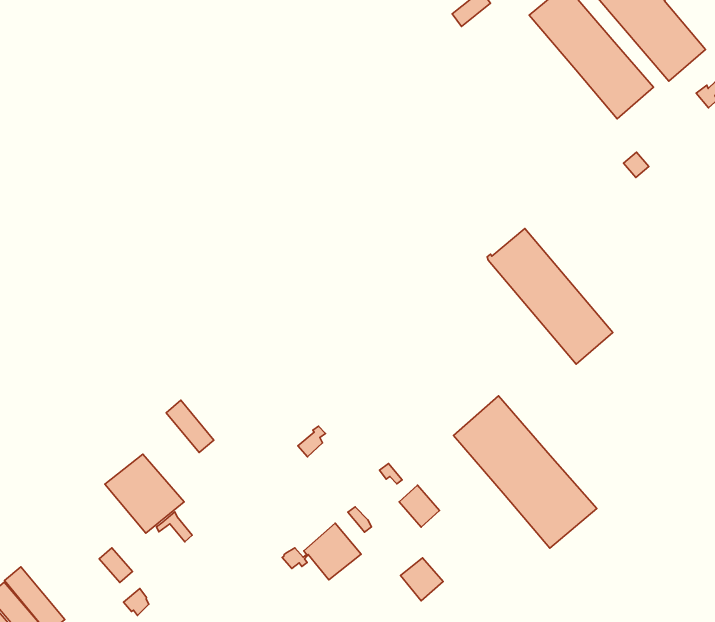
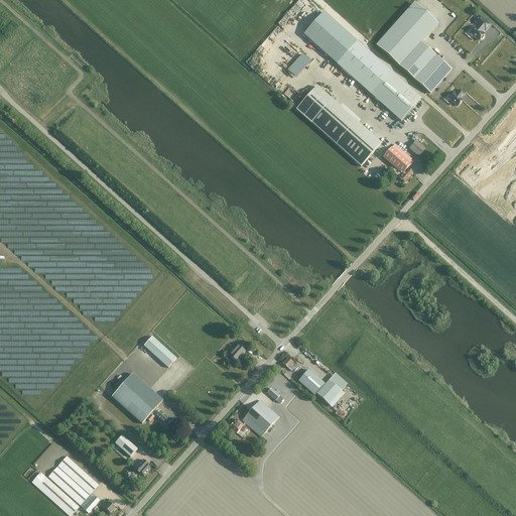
building: none -> [382,142,413,179]
building: [487,229,613,364] -> [294,84,380,164]
building: [454,396,597,548] -> none
building: [401,558,443,601] -> [315,378,343,405]

